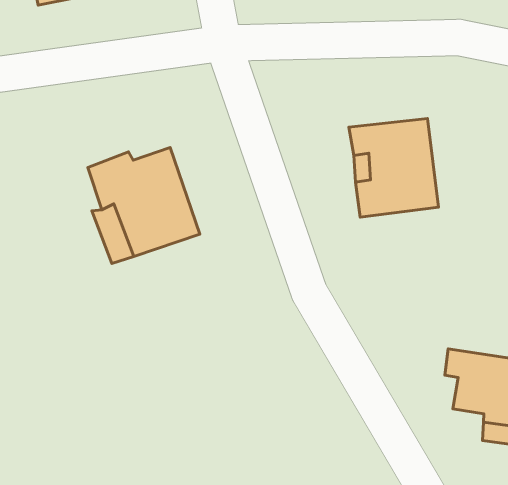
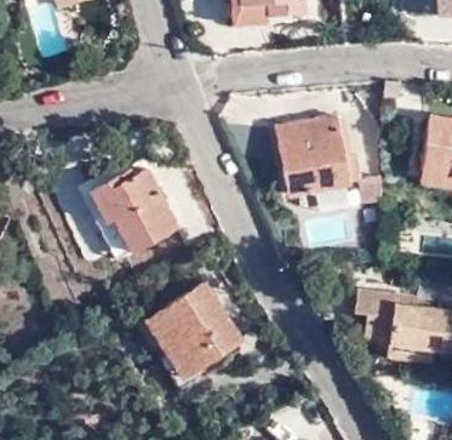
building: none -> [148,284,250,394]

